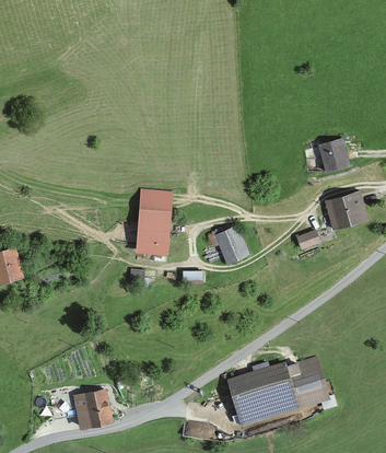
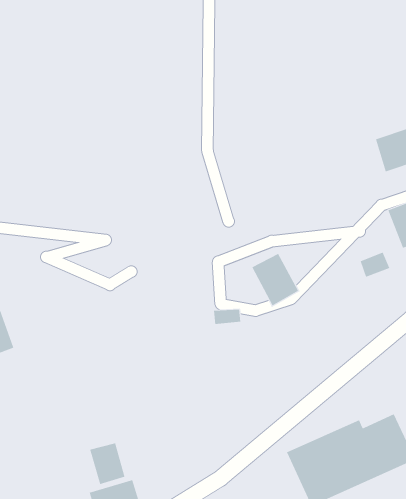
building: [136,191,173,257] -> none
building: none -> [90,442,125,485]

